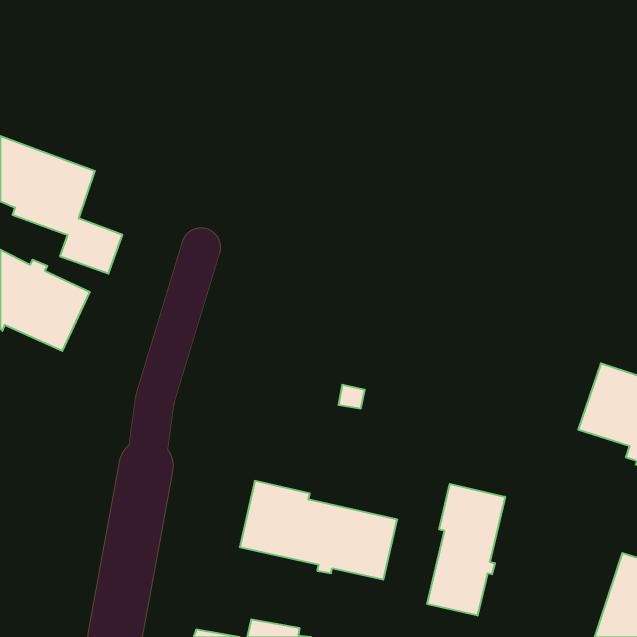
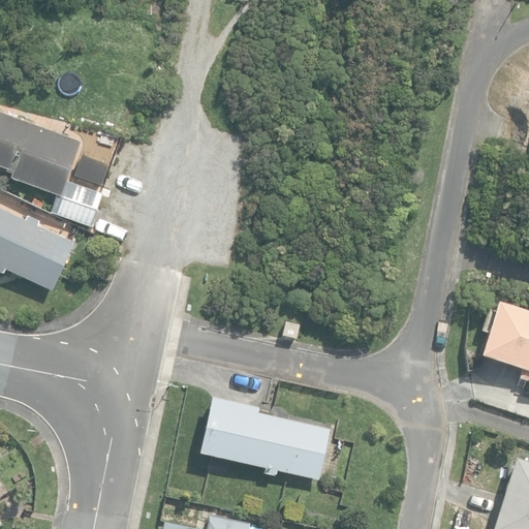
building: [427,484,505,616] -> none

